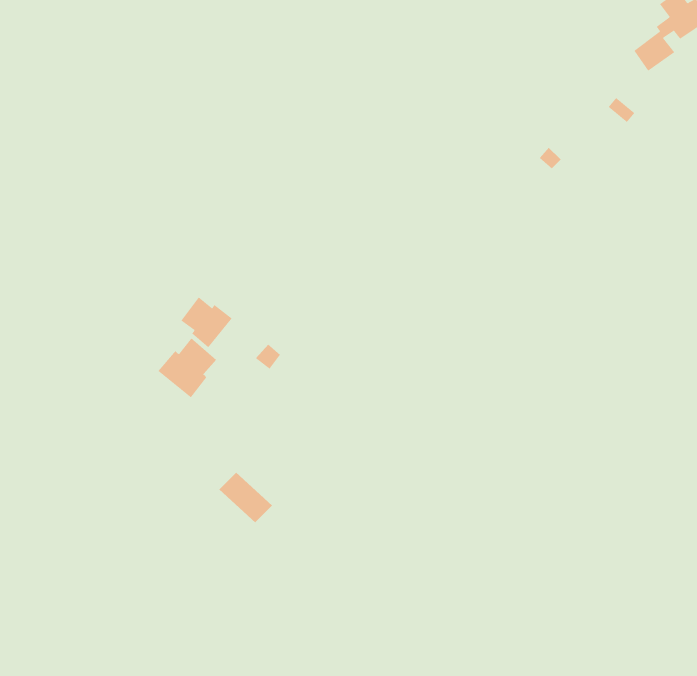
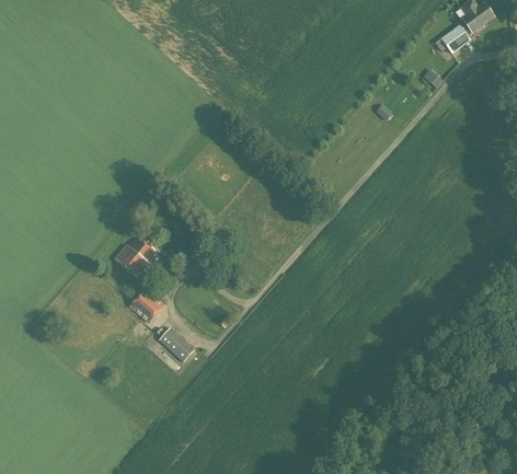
building: [181,297,233,348] -> none
building: none -> [129,287,164,321]

